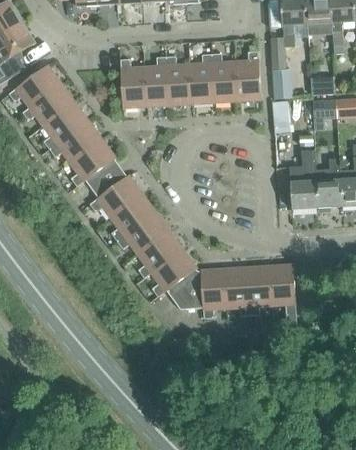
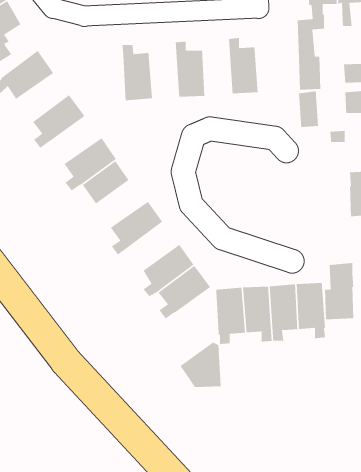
building: [234,51,260,101] -> none
building: [189,54,214,104] -> none
building: [143,57,168,106] -> none
building: [22,84,74,126] -> none
building: [49,121,102,162] -> none
building: [290,159,316,209] -> [324,262,354,320]
building: [89,175,142,217] -> none
building: [116,212,169,254] -> none
building: [166,269,202,309] -> [180,341,221,388]

